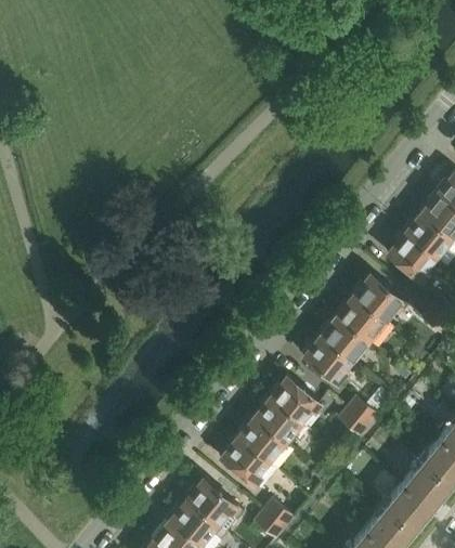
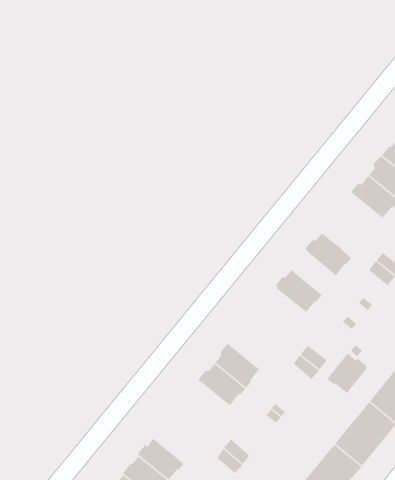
building: [387,231,437,282] -> none
building: [335,295,387,342] -> none
building: [302,336,354,384] -> none
building: [266,377,321,425] -> none
building: none -> [326,353,368,394]
building: [219,435,270,485] -> none
building: [184,479,243,532] -> none

